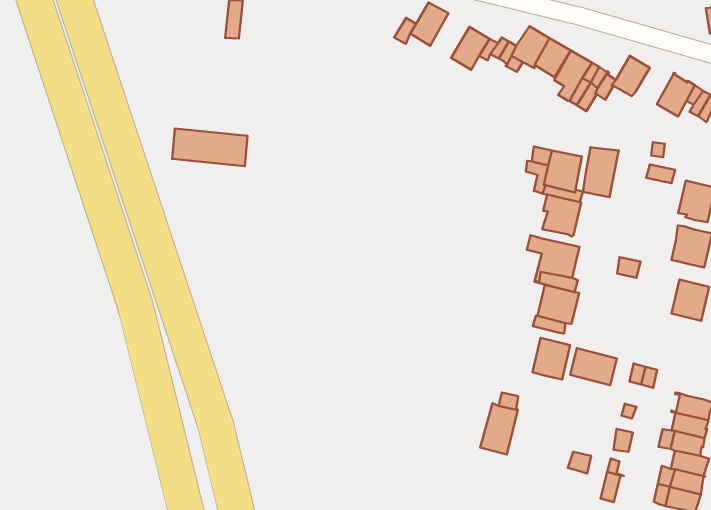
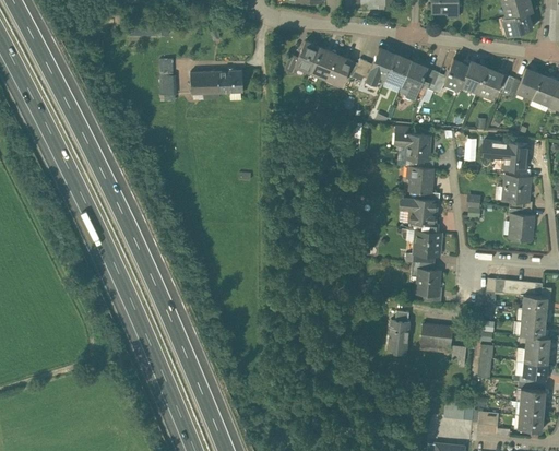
building: none -> [311,48,337,80]
building: none -> [462,61,487,92]
building: [172,129,248,166] -> [191,71,245,95]
building: [583,147,619,197] -> none
building: [570,348,617,385] -> [421,324,453,347]

